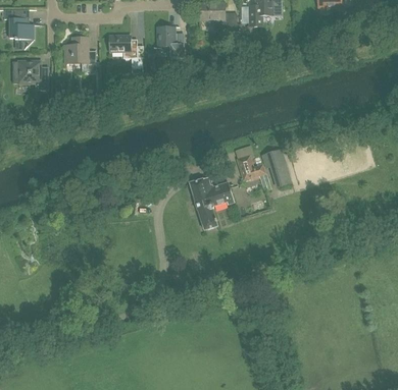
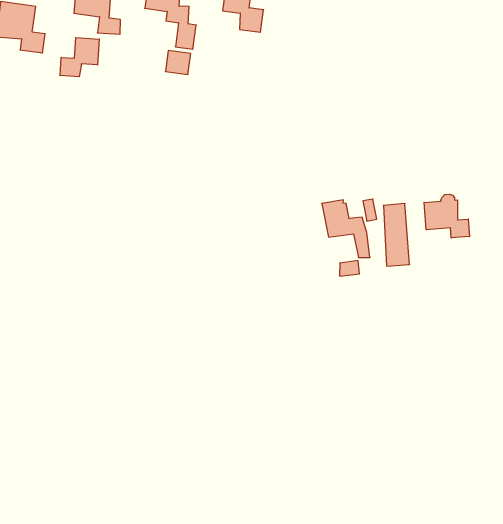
building: none -> [60,38,99,77]
building: none -> [424,194,470,238]
building: [189,175,234,228] -> none

